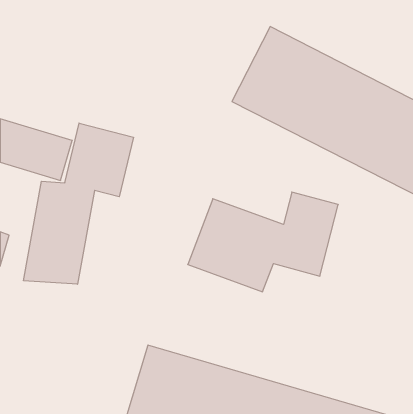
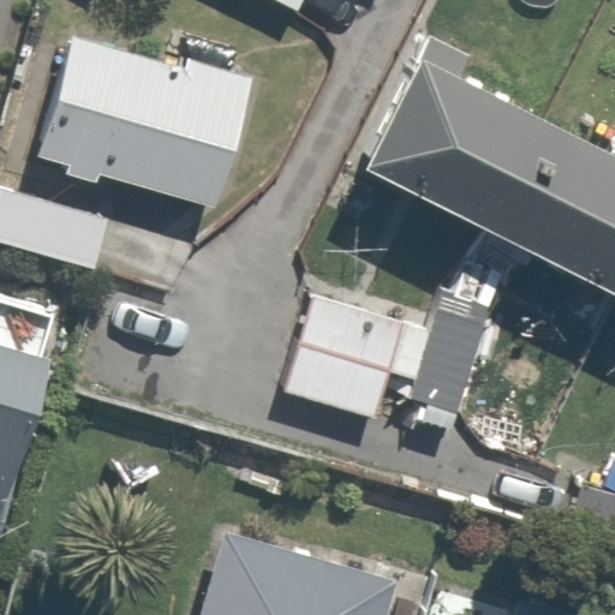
building: none -> [37,38,247,201]
building: [24,123,133,284] -> none

